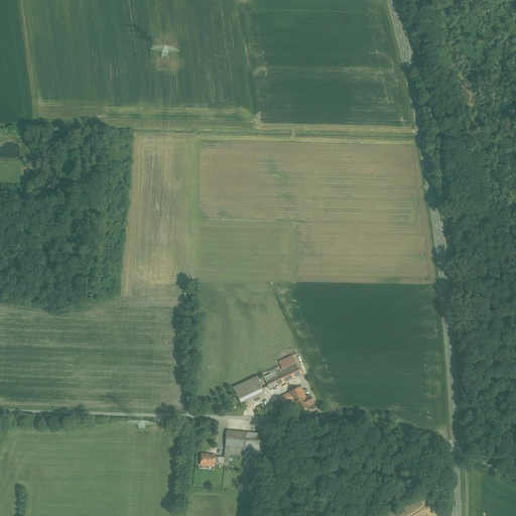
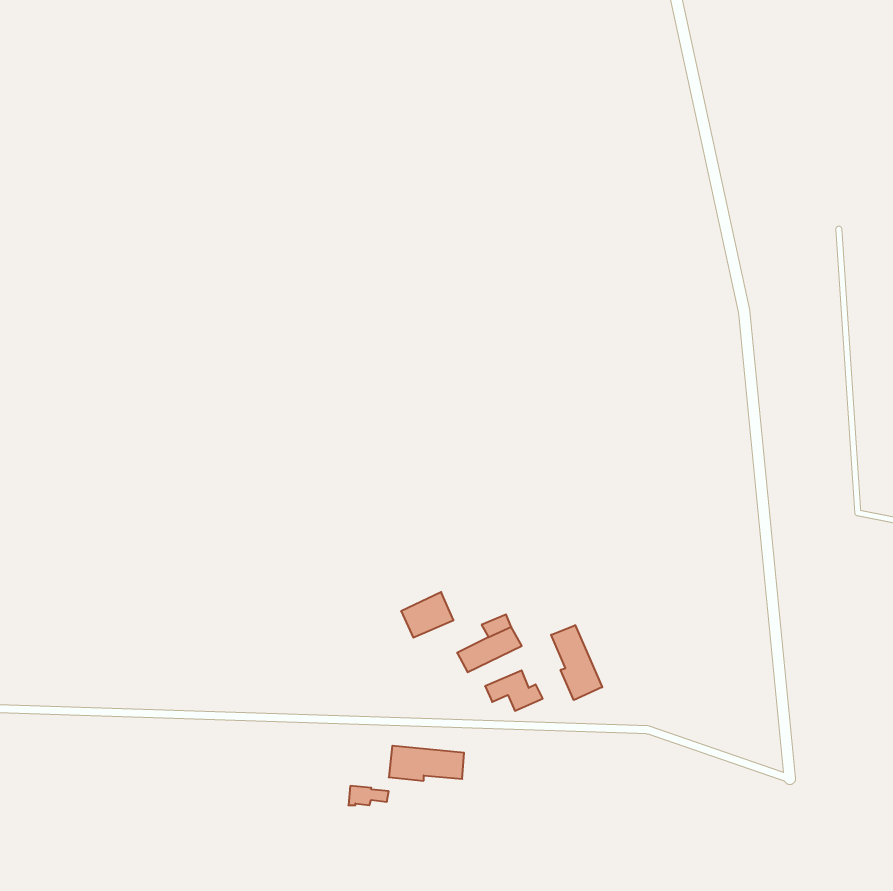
building: none -> [551,625,602,700]
building: [233,375,263,401] -> [401,592,454,638]

